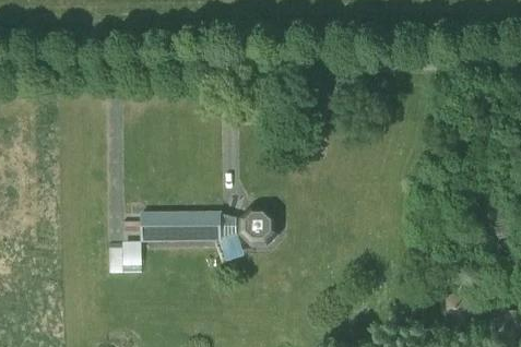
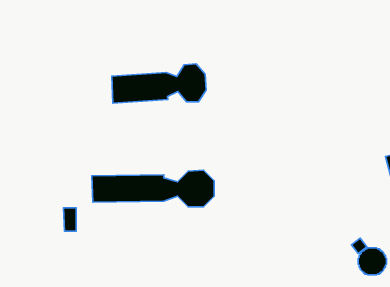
building: none -> [112,64,206,103]

